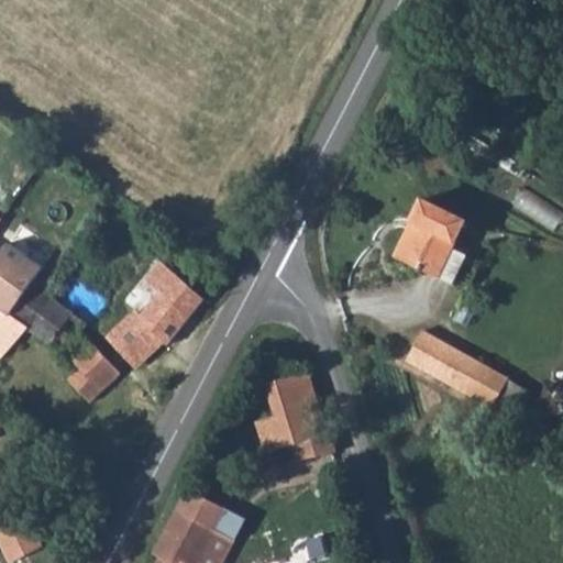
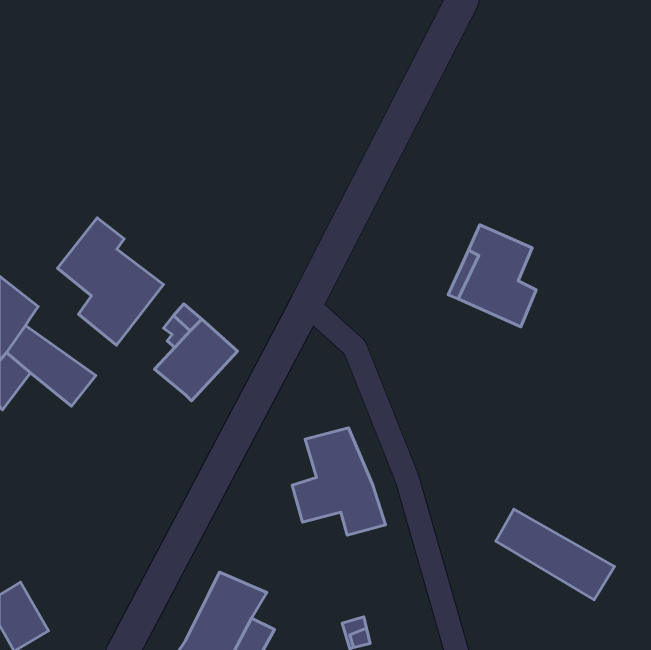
building: none -> [57,218,163,345]
building: [109,317,159,365] -> none
building: [404,329,506,407] -> [496,509,615,600]
building: [66,343,119,402] -> none

